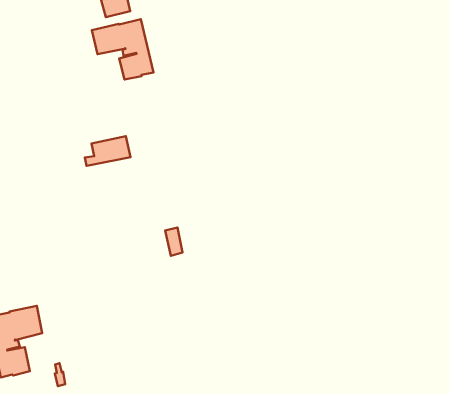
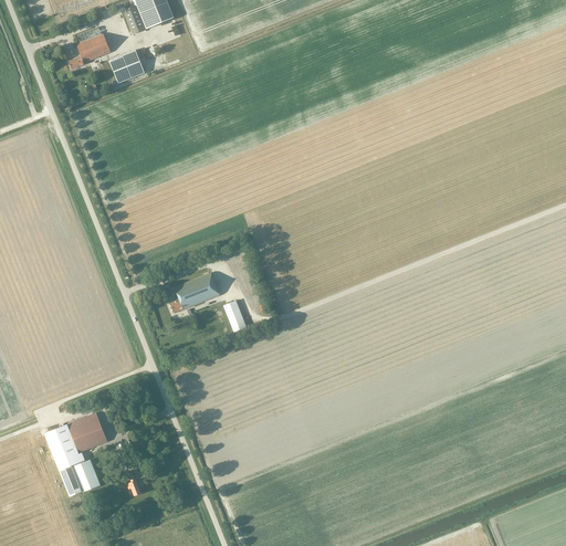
building: [92,19,153,80] -> none
building: [85,136,130,166] -> [170,273,220,313]

